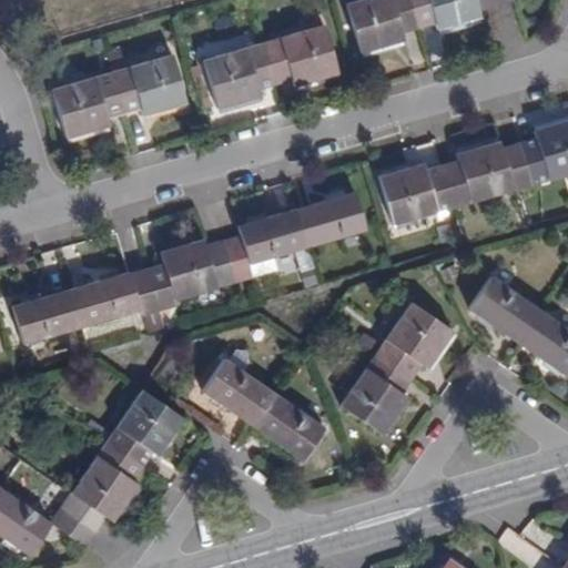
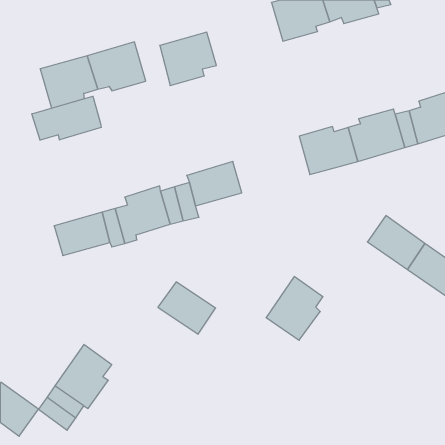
building: [264,26,338,88] -> none
building: none -> [32,96,101,140]
building: [297,190,366,246] -> none
building: [12,288,81,343] -> none
building: [375,301,453,378] -> none
building: [108,389,185,465] -> none
building: [253,393,324,459] -> none

